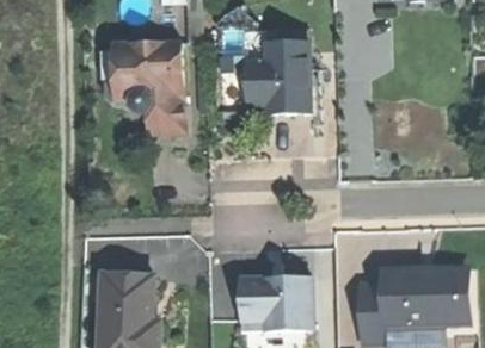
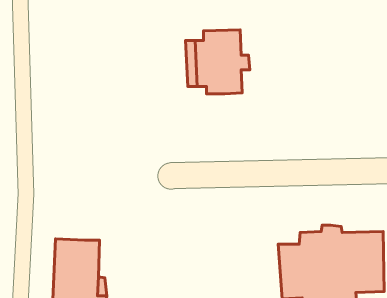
building: [112,39,183,128] -> none
building: [239,284,307,335] -> none

